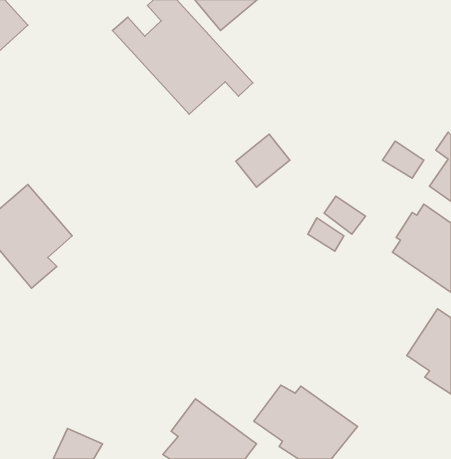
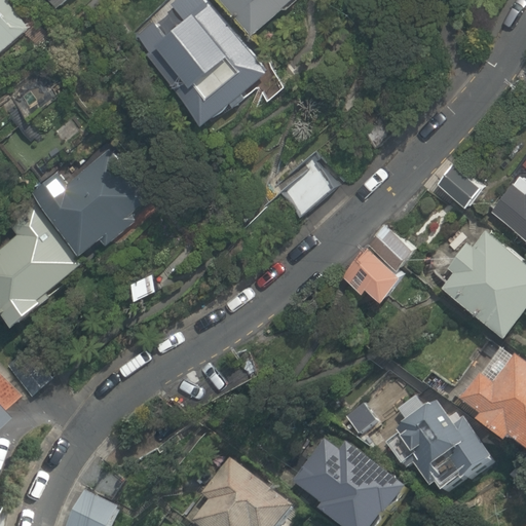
building: none -> [25,141,148,256]
building: none -> [385,402,500,502]

